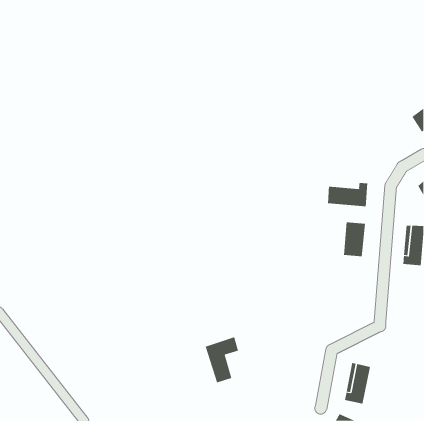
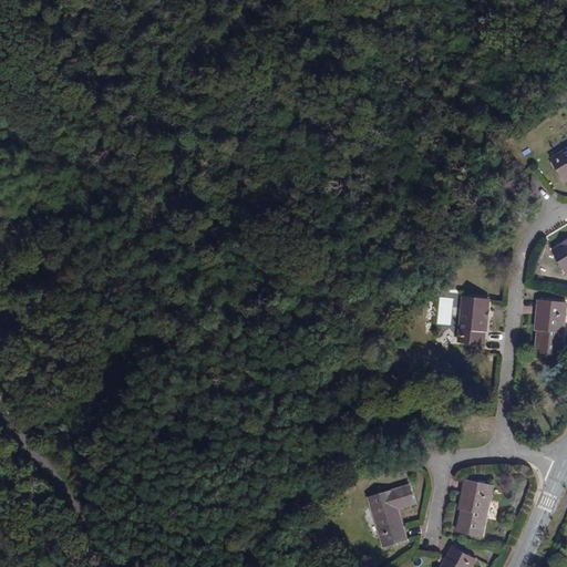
building: [328,182,368,207] -> none
building: [205,337,239,383] -> [368,486,413,548]

